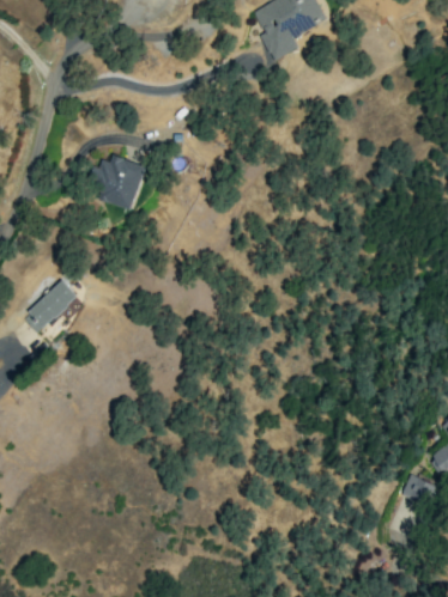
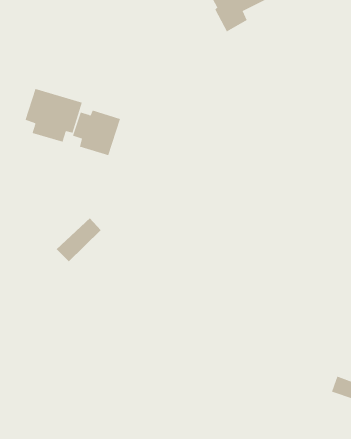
building: none -> [25,88,83,143]
building: [22,279,77,333] -> [56,217,102,262]

